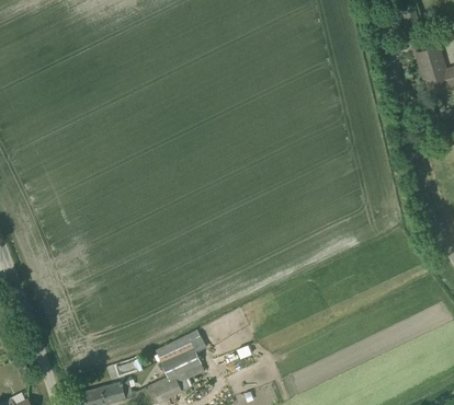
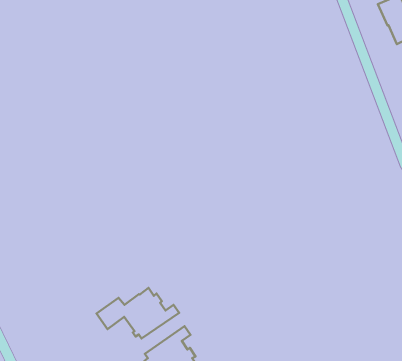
building: none -> [97,288,179,339]

